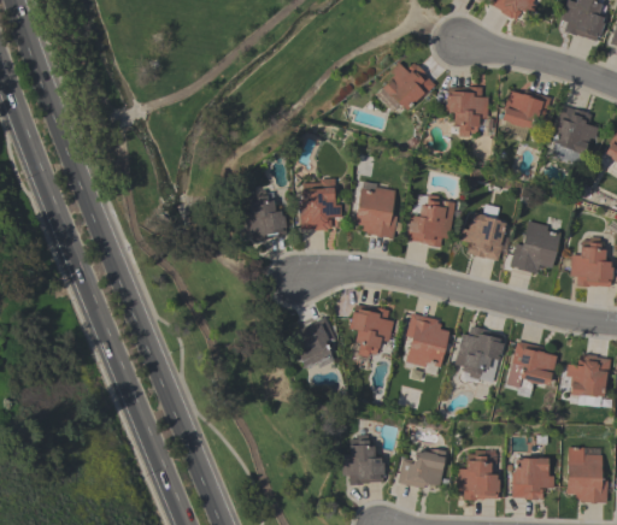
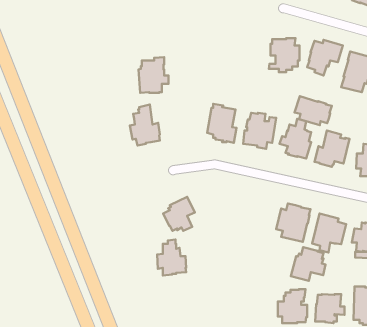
building: [376,63,435,111] -> none
building: none -> [295,96,332,125]
building: [298,178,341,230] -> [138,57,168,93]
building: [349,305,393,356] -> none
building: [406,313,448,367] -> none
building: none -> [291,247,326,281]
building: [341,433,383,485] -> [157,240,186,275]
building: [398,449,446,489] -> none

